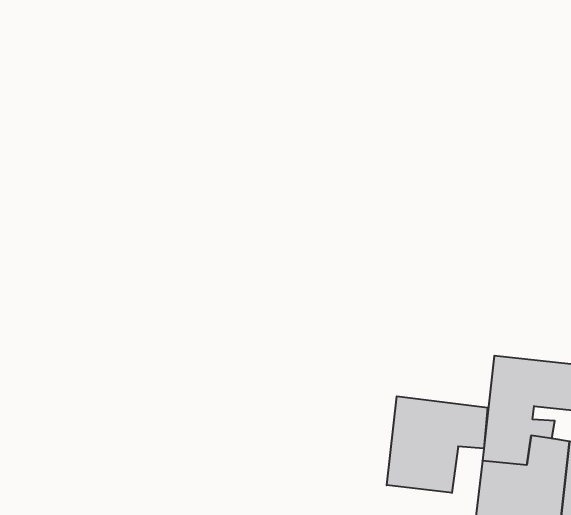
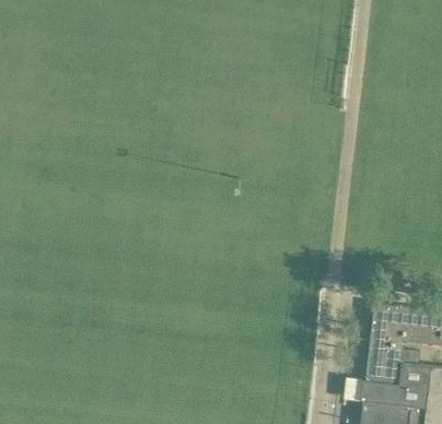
building: [387,396,487,493] -> none

